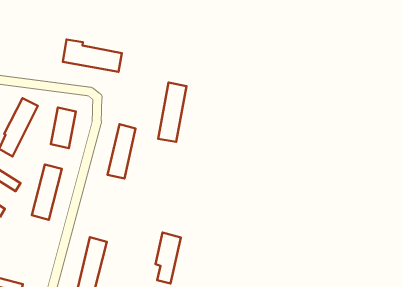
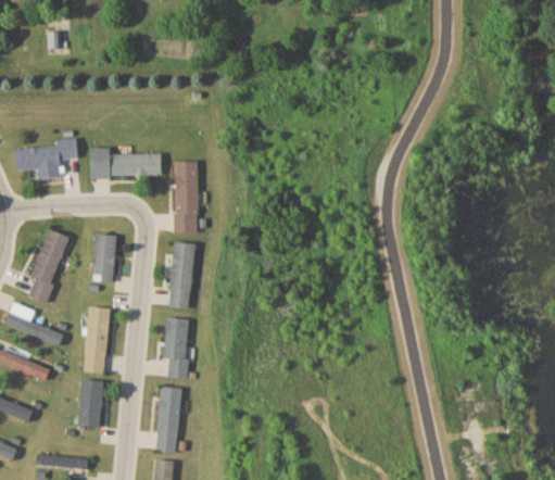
building: none -> [14,138,78,179]
building: [158,82,186,142] -> [174,161,198,232]
building: none -> [79,380,102,428]
building: [155,233,181,283] -> [163,317,189,378]

